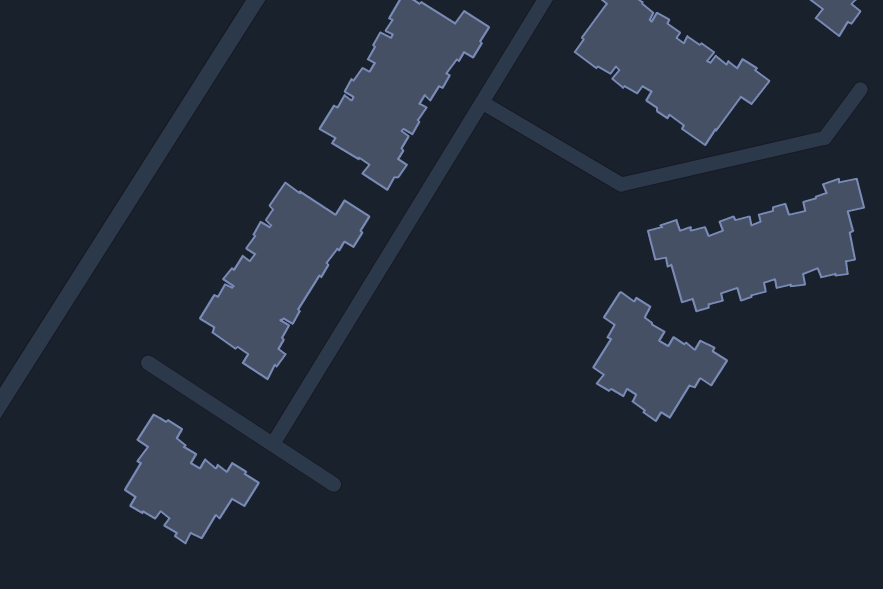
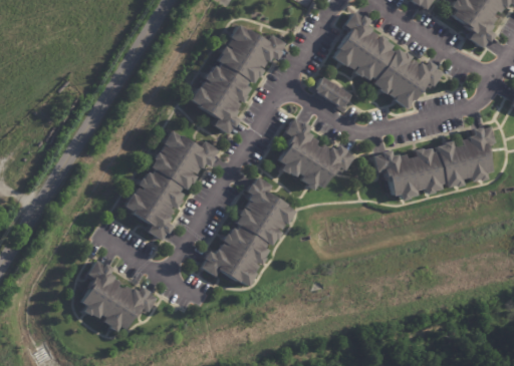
building: none -> [311,75,350,111]
building: none -> [202,175,295,287]
building: [593,293,727,421] -> [278,117,353,190]

